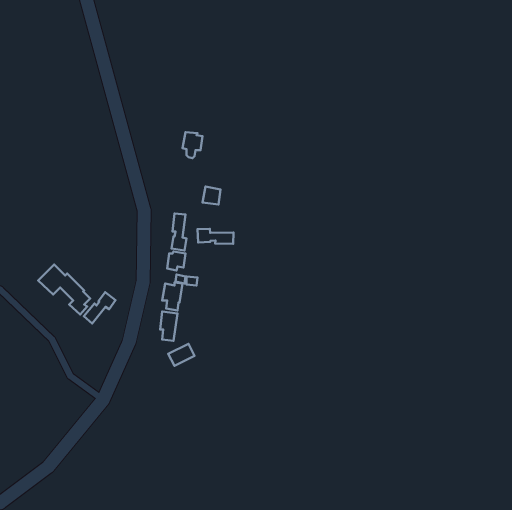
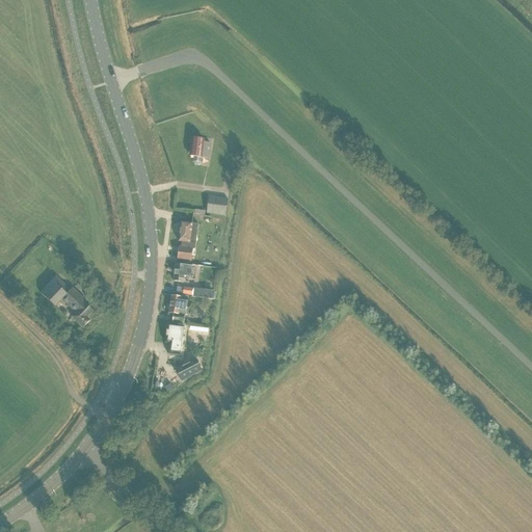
building: [198,229,234,244] -> none
building: [84,292,116,324] -> none

